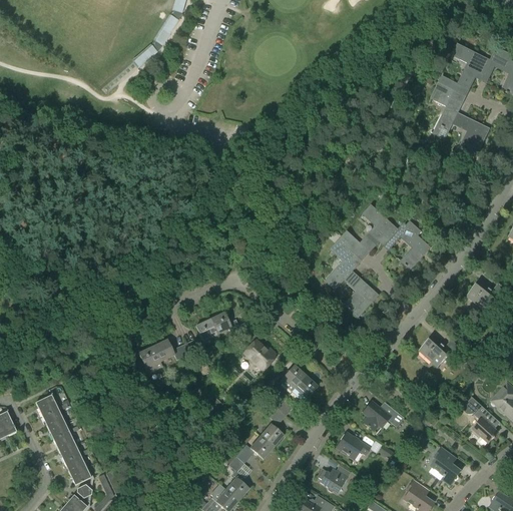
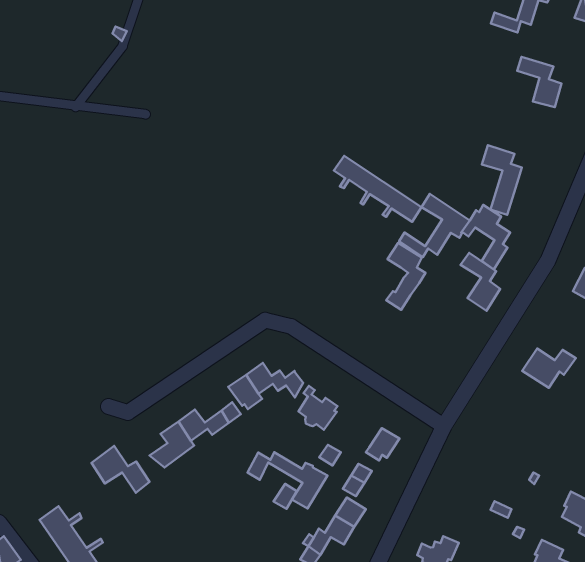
building: [431,83,461,138] -> [482,145,522,215]
building: none -> [334,156,421,222]
building: [344,271,371,317] -> [461,253,500,311]
building: none -> [91,446,150,493]
building: [279,365,306,392] -> none
building: none -> [247,452,327,509]
building: [362,401,403,431] -> none
building: [336,432,369,459] -> none

